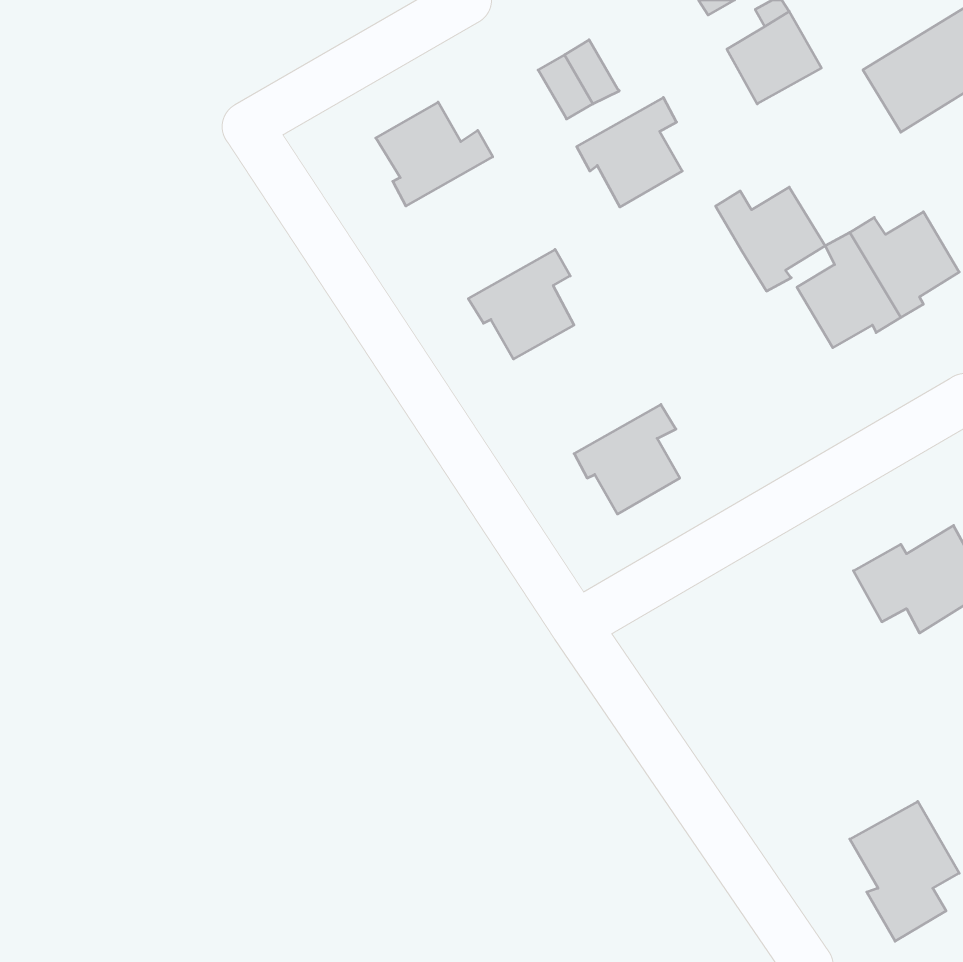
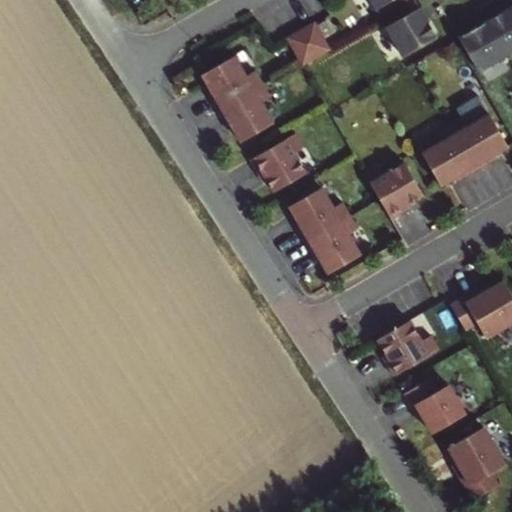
building: [577,97,682,207] -> [216,85,272,143]
building: [716,187,825,291] -> [366,165,424,220]
building: none -> [289,187,351,242]
building: none -> [379,320,441,375]
building: none -> [405,378,467,433]

